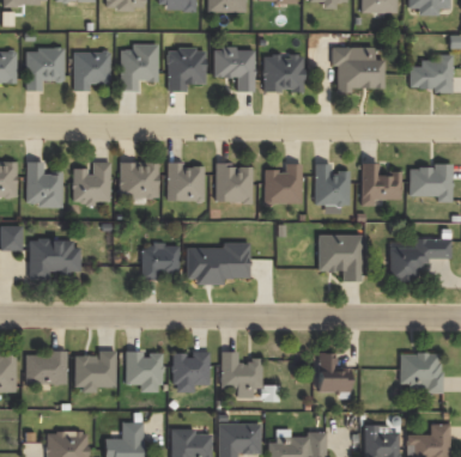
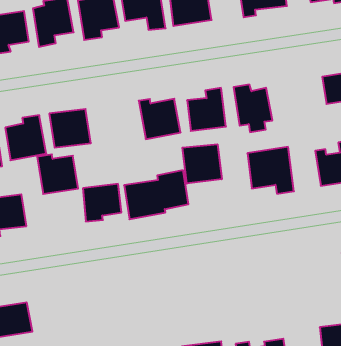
building: [166,162,204,201] -> [37,154,78,194]
building: [360,163,401,206] -> none
building: none -> [182,144,222,184]
building: [73,351,116,392] -> none
building: [172,351,210,392] -> none
building: [125,352,162,392] -> none
building: [220,352,262,398] -> none
building: [314,352,350,392] -> none

